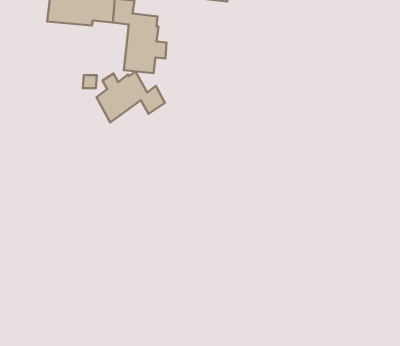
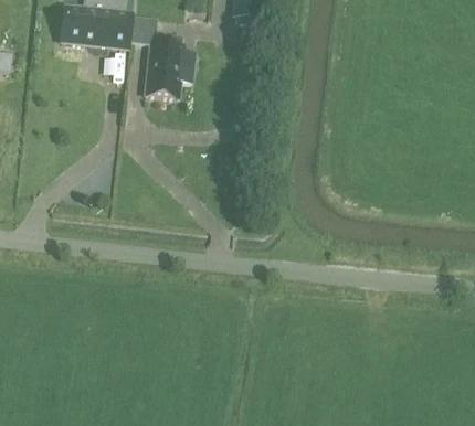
building: [96,71,165,123] -> none

